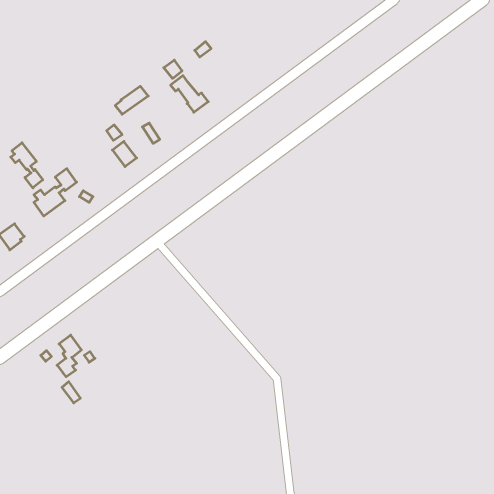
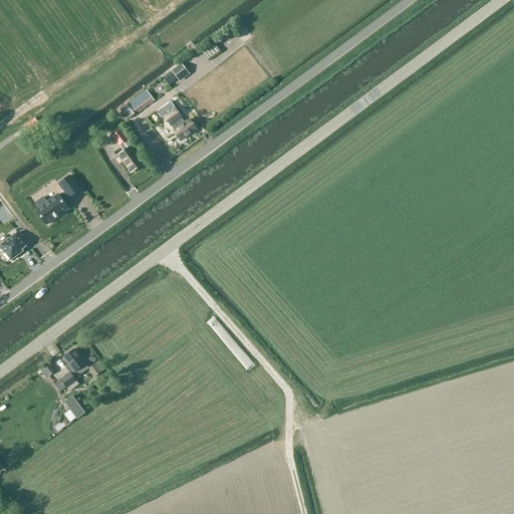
building: [171,76,208,112] -> [156,101,195,140]
building: [11,143,43,188] -> none

